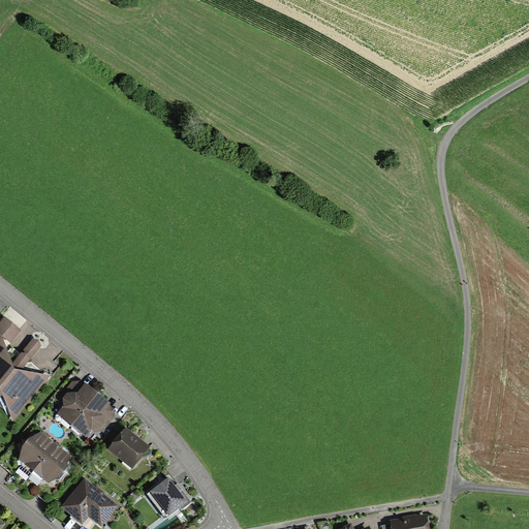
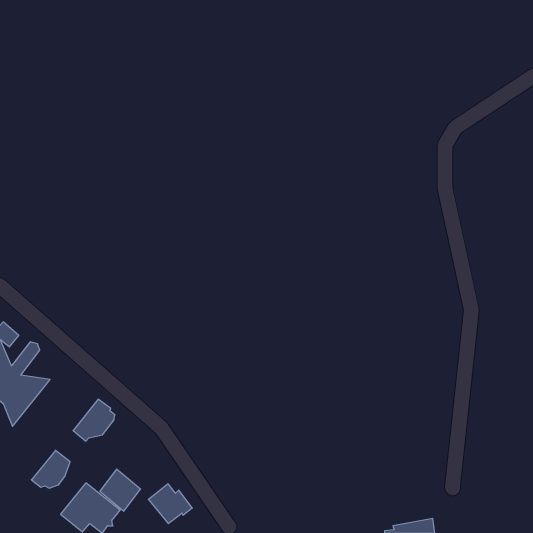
building: [57,382,97,426] -> none
building: [108,428,149,469] -> [100,469,141,511]
building: [19,431,55,474] -> none

